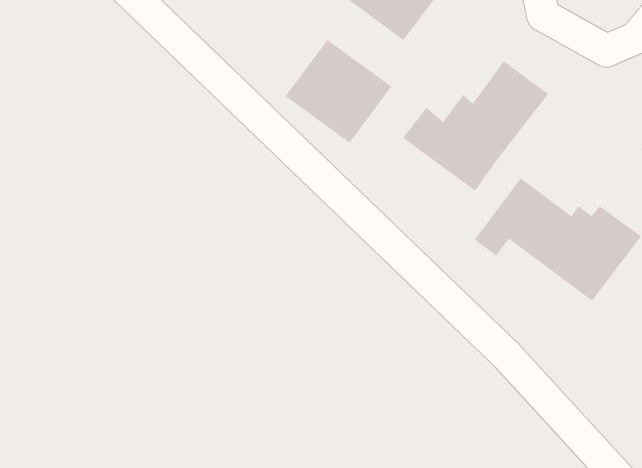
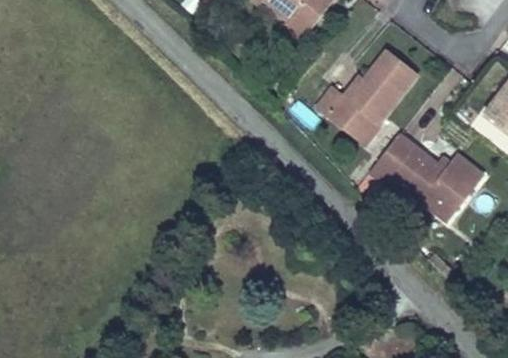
building: [285,39,392,143] -> none

